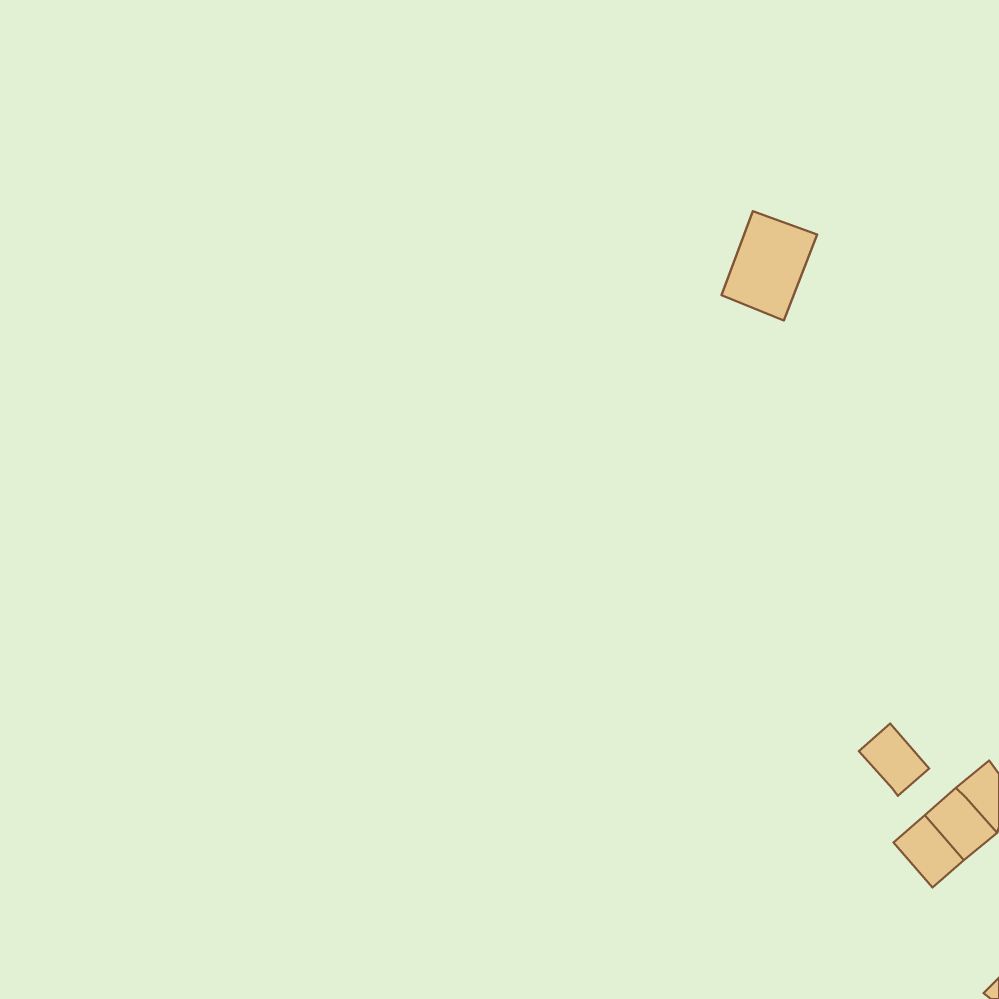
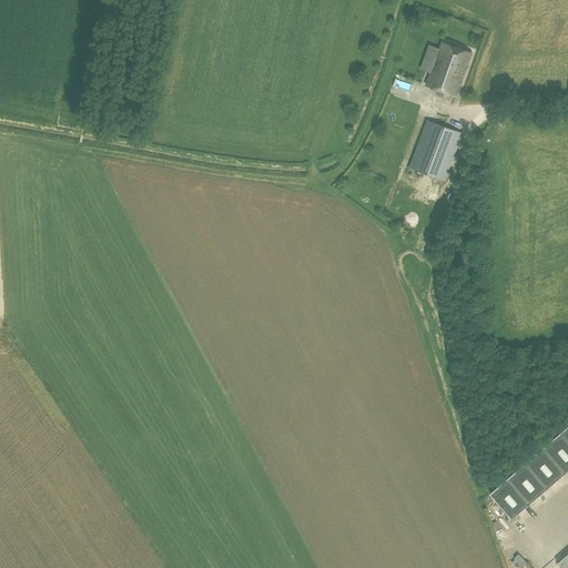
building: none -> [427,42,473,97]
building: [859,724,929,796] -> [489,478,529,519]

